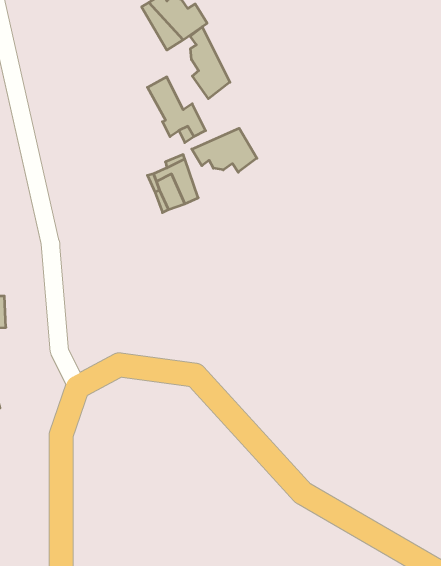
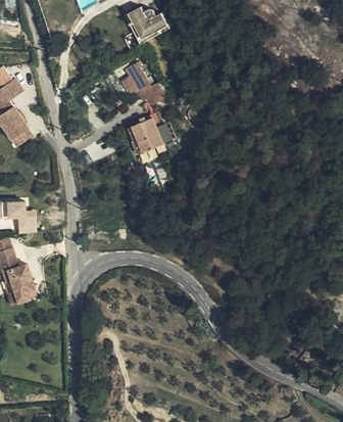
building: [190,27,230,99] -> none
building: [192,128,257,172] -> none

